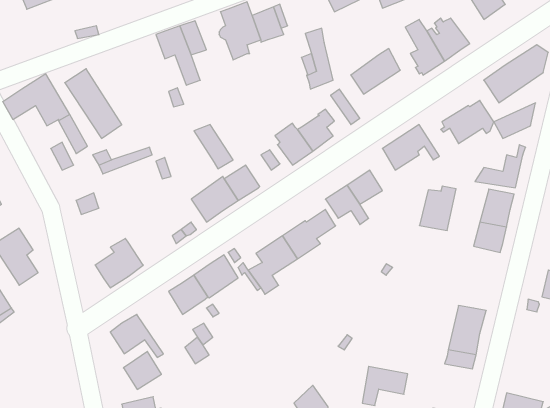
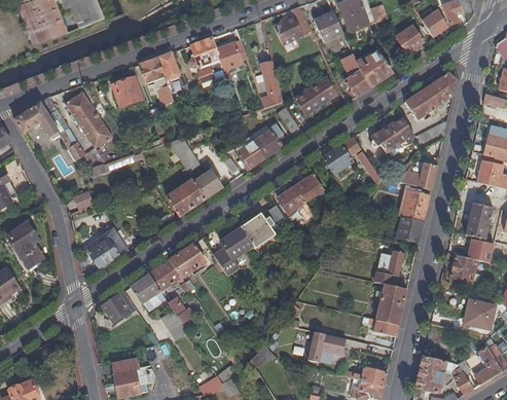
building: none -> [110,76,141,107]
building: [419,186,456,230] -> [373,250,403,286]
building: [123,351,161,389] -> [129,272,159,303]

